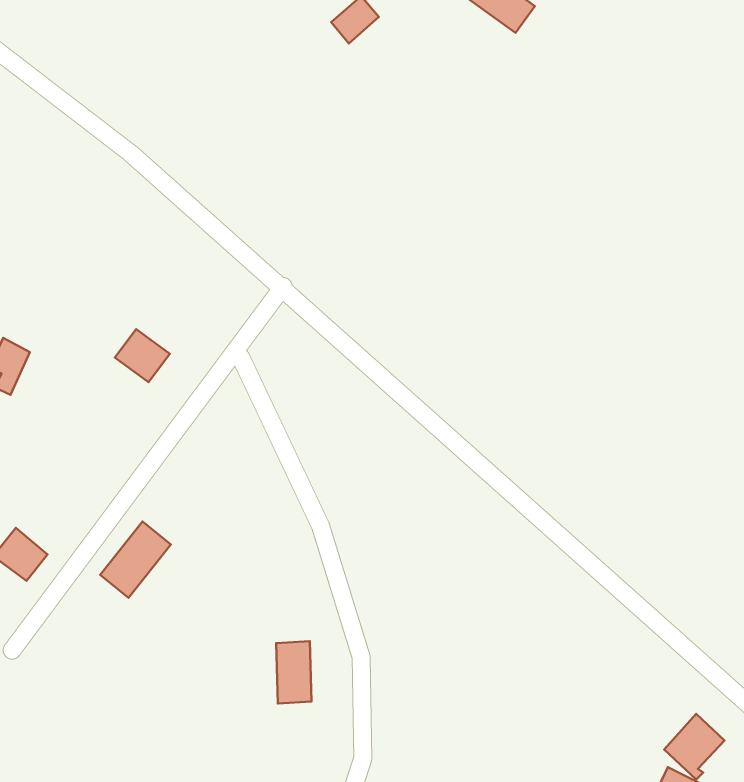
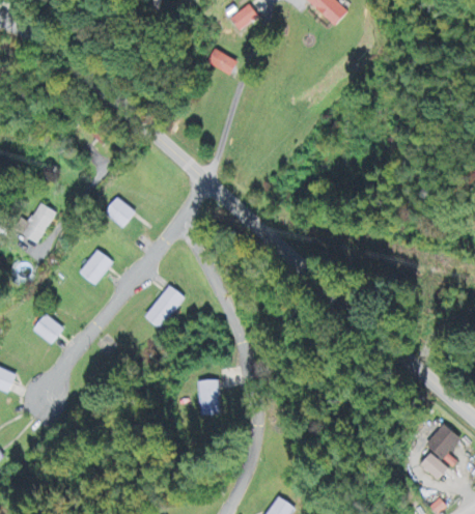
building: none -> [204,49,236,75]
building: none -> [79,249,112,284]
building: [100,522,171,598] -> [144,284,186,329]

